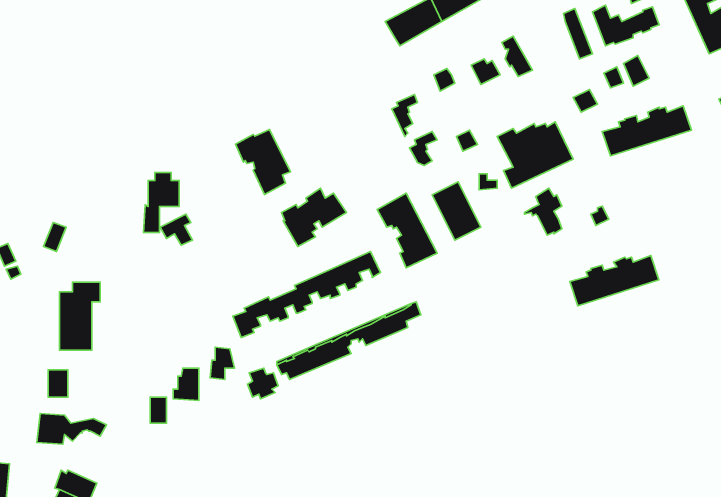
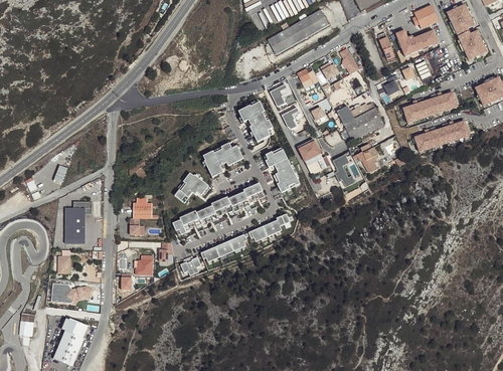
building: [235,130,291,194] -> [238,102,273,142]
building: [143,172,179,232] -> [130,197,152,234]
building: none -> [333,153,356,185]
building: none -> [176,173,210,202]
building: [570,256,659,306] -> [414,121,470,152]

